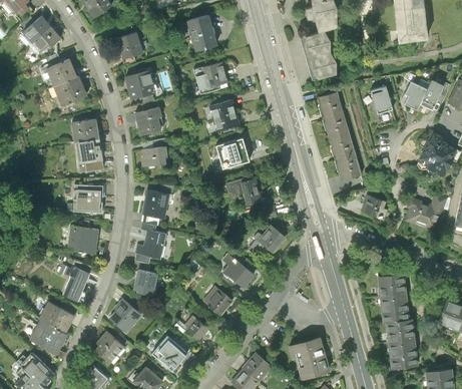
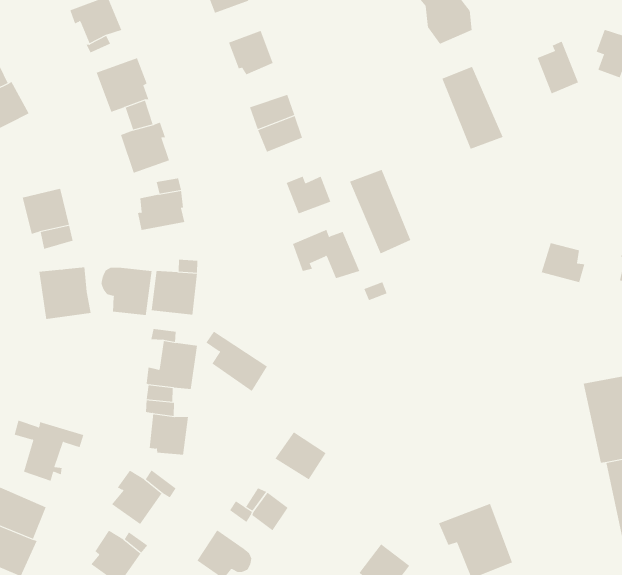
building: [73,118,99,141] -> none
building: [329,135,360,182] -> [349,169,411,254]
building: none -> [101,267,152,316]
building: [67,226,99,254] -> none
building: [247,227,286,256] -> none
building: [220,254,254,290] -> [206,331,268,392]

